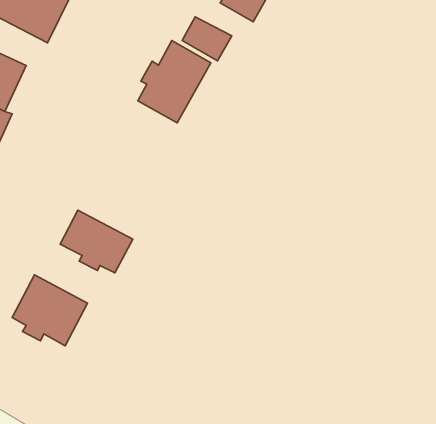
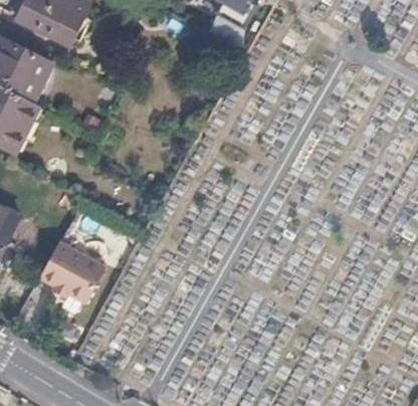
building: [138,41,211,123] -> none
building: [60,210,133,273] -> none

